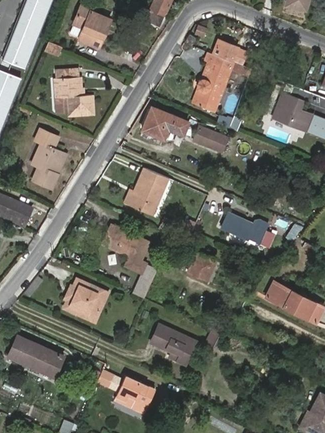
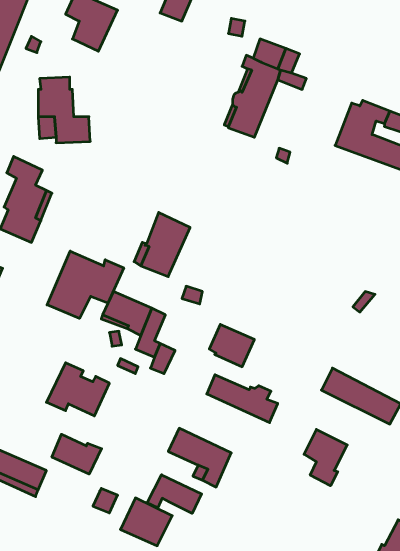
building: [142,106,188,138] -> none
building: [194,125,225,150] -> none
building: none -> [47,251,124,318]
building: [222,213,274,248] -> [207,375,278,423]
building: none -> [304,429,347,486]
building: none -> [52,434,102,474]
building: none -> [147,475,202,513]

